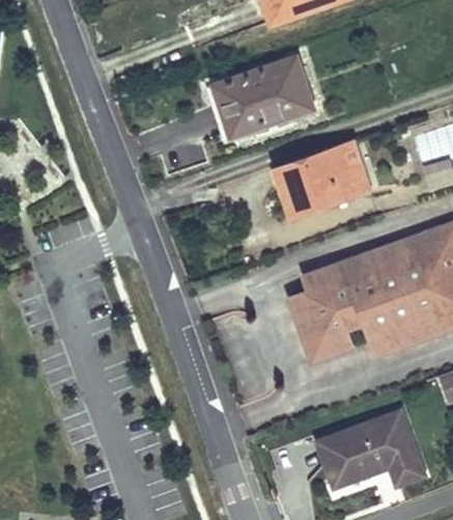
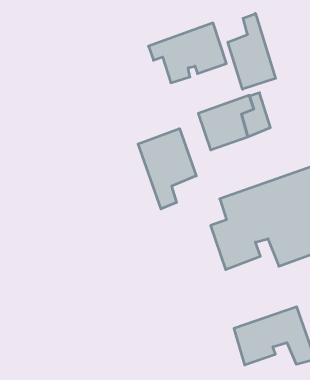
building: none -> [228,13,276,89]
building: none -> [138,129,196,209]

